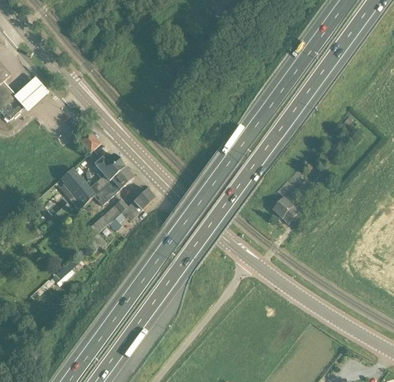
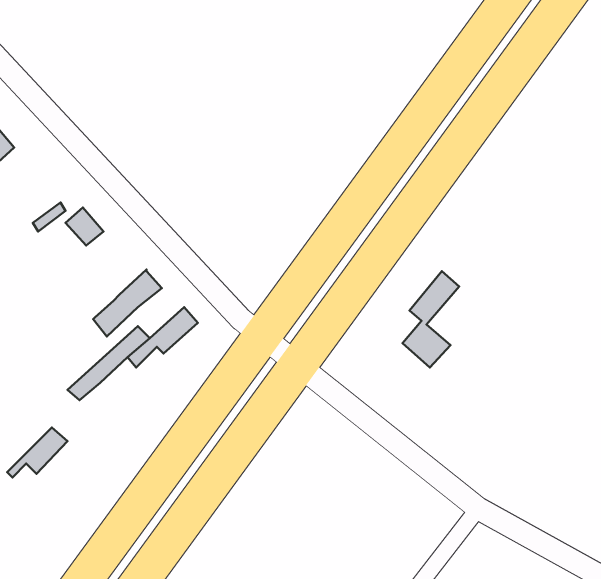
building: [94,154,124,184] -> none
building: [60,168,94,203] -> none

